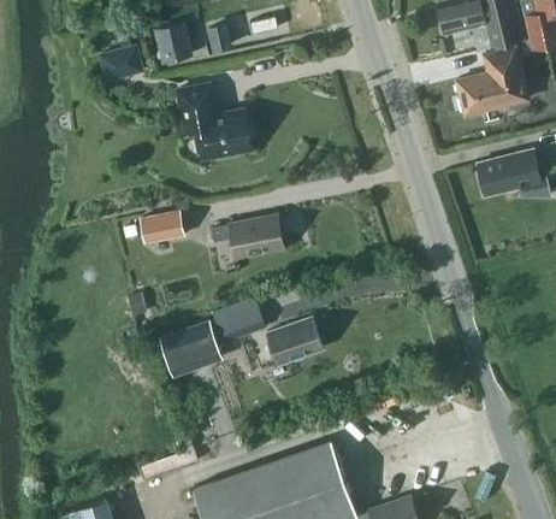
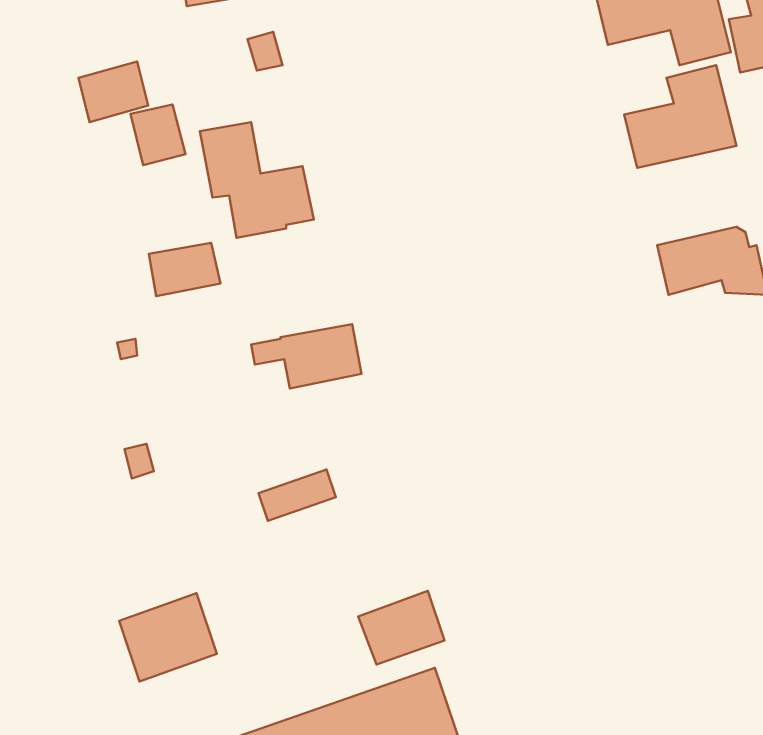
building: [154,23,190,63] -> [130,105,186,165]
building: [137,210,184,244] -> [149,243,220,296]
building: [265,317,321,365] -> [358,591,444,664]
building: [158,319,221,377] -> [119,593,217,681]

